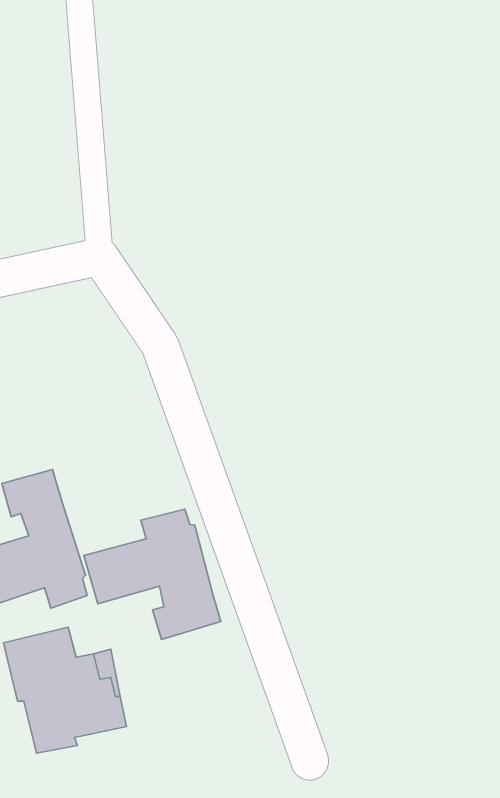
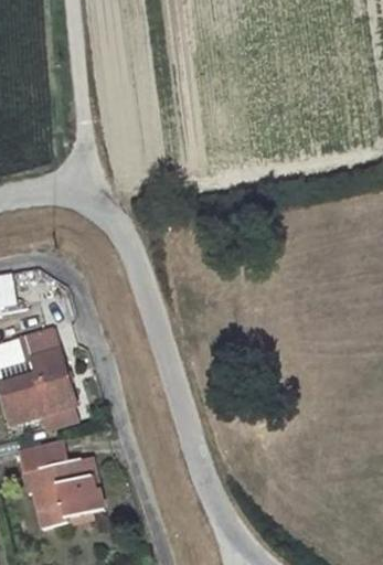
building: [84,509,221,639] -> none

